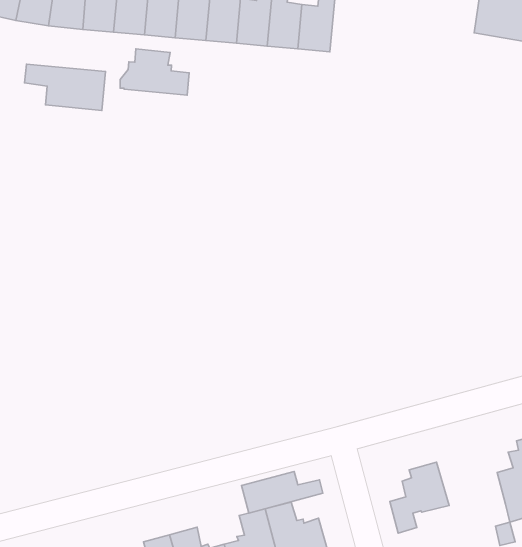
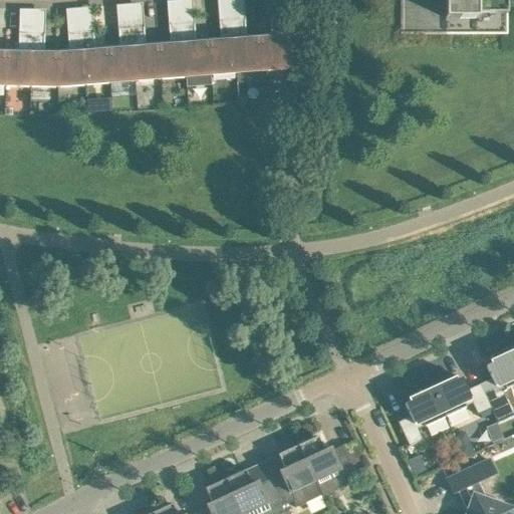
building: [120,49,189,95] -> none
building: [24,64,106,111] -> none
building: none -> [430,373,491,417]
building: [242,471,323,513] -> none

